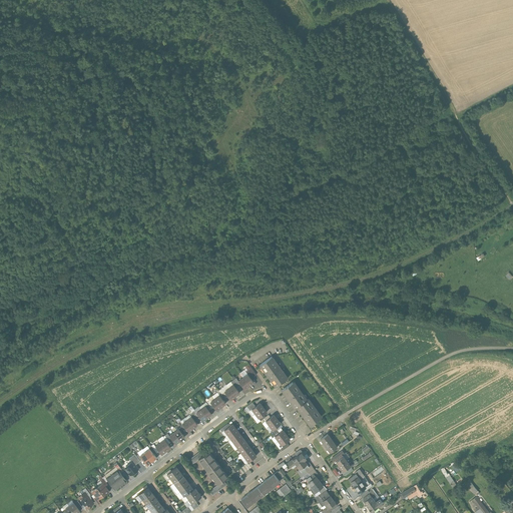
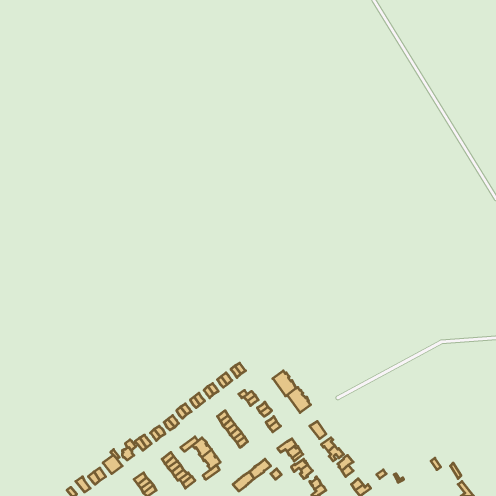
building: [260,357,288,388] -> none

